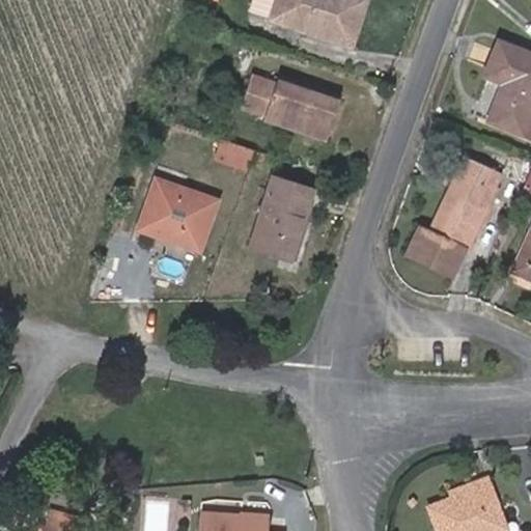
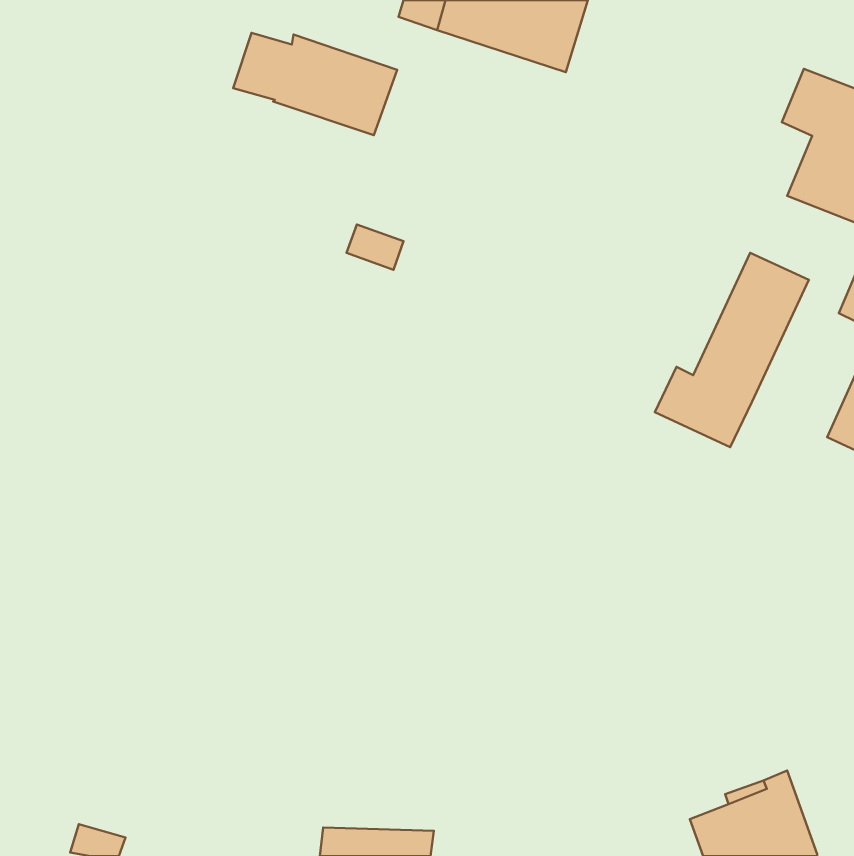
building: [240,76,341,139] -> [233,33,397,135]
building: [251,178,312,259] -> none
building: [139,181,216,250] -> none

